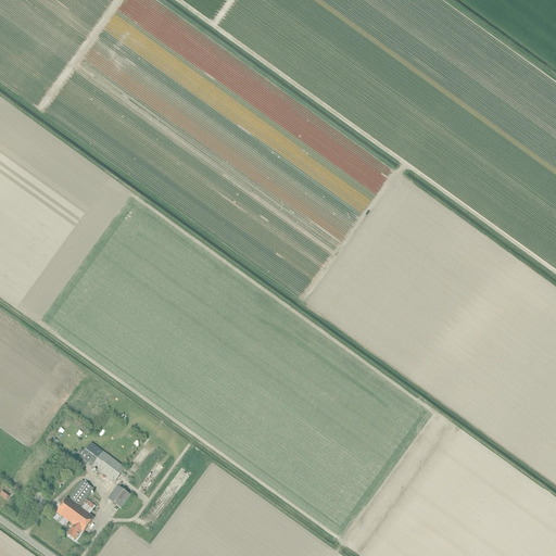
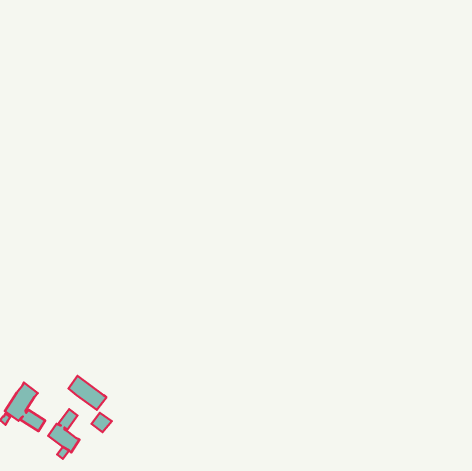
building: none -> [5,383,45,431]

